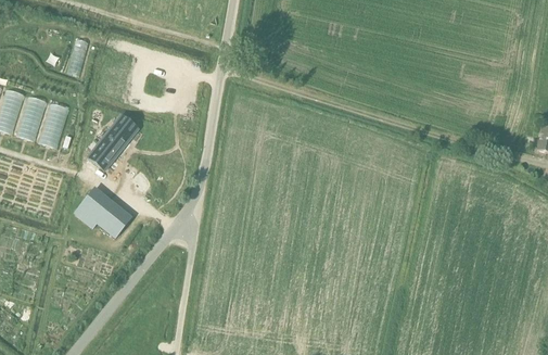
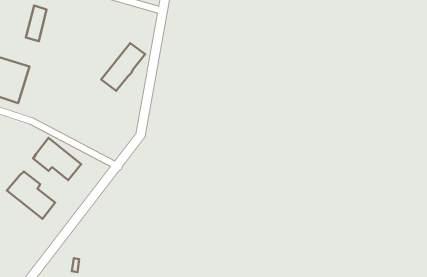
building: [87,114,138,169] -> [101,43,145,91]
building: none -> [7,171,55,219]

